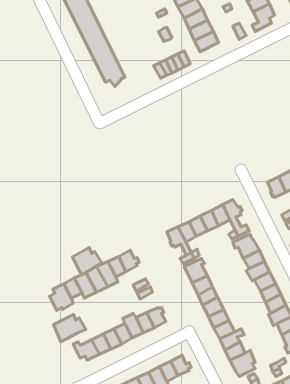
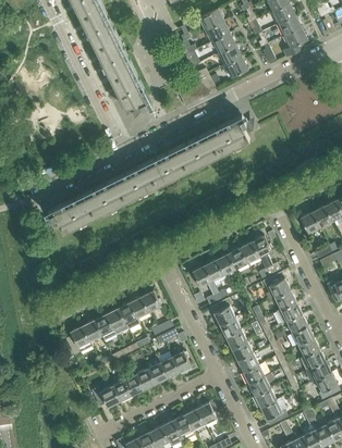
building: none -> [48,117,252,231]
building: [73,248,102,275] -> none
building: [54,315,86,342] -> none

